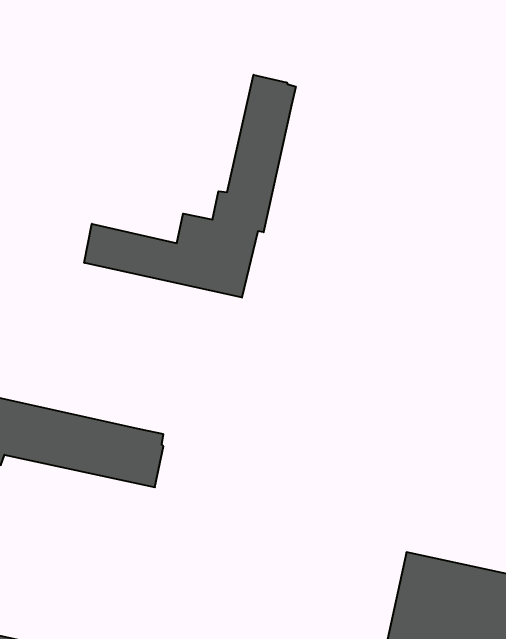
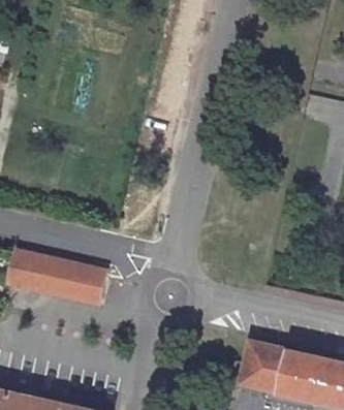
building: [84,75,296,298] -> none

